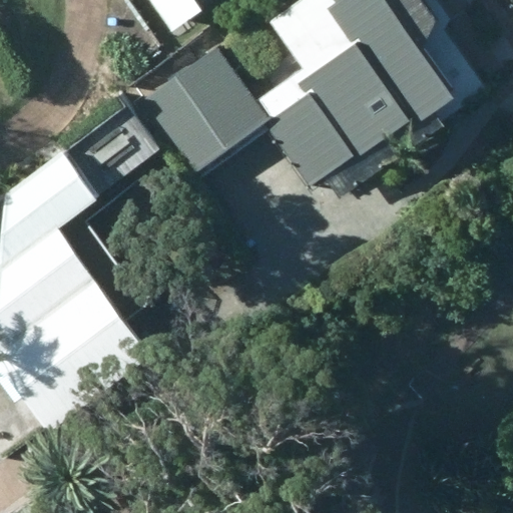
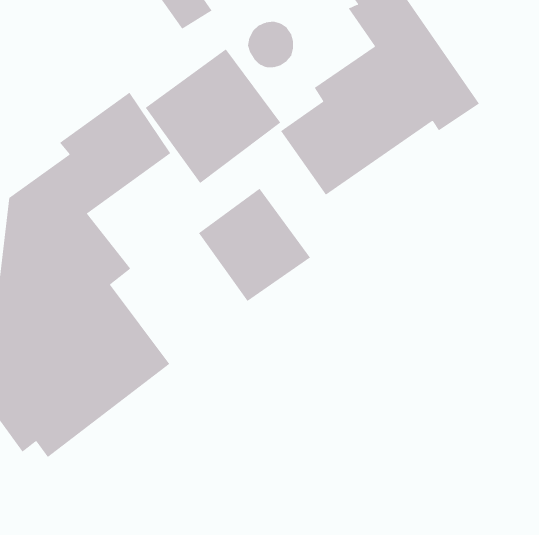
building: none -> [198,188,311,302]

